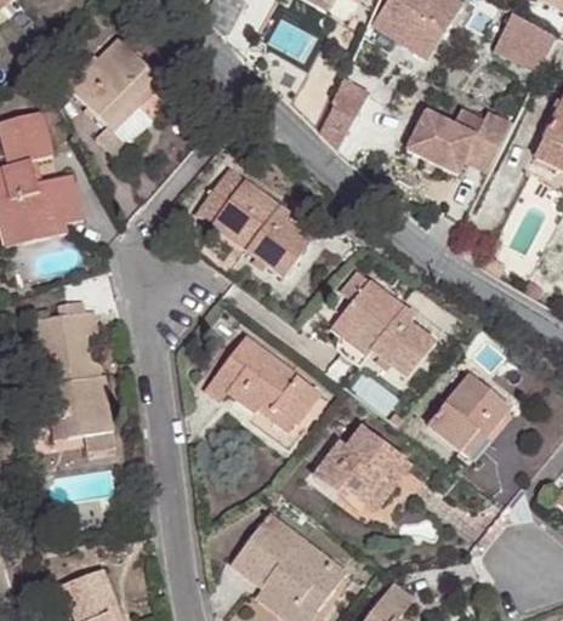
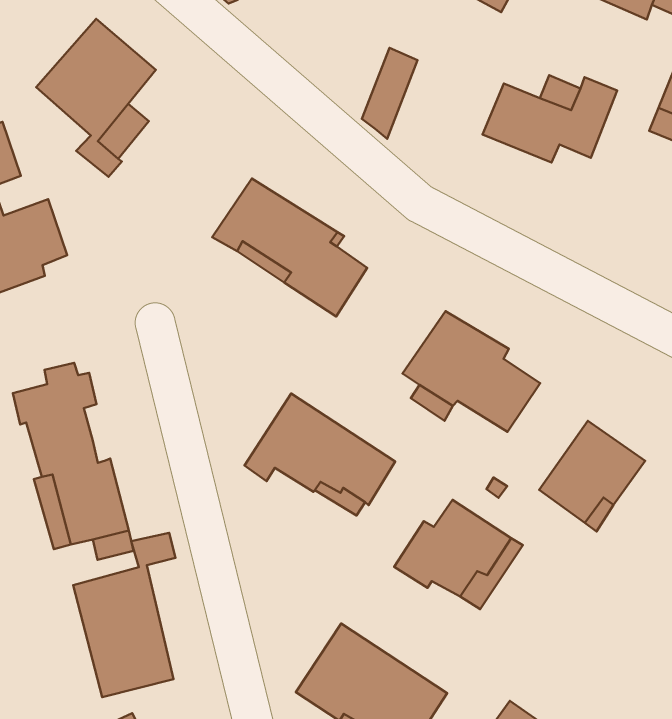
building: none -> [73,533,175,697]

